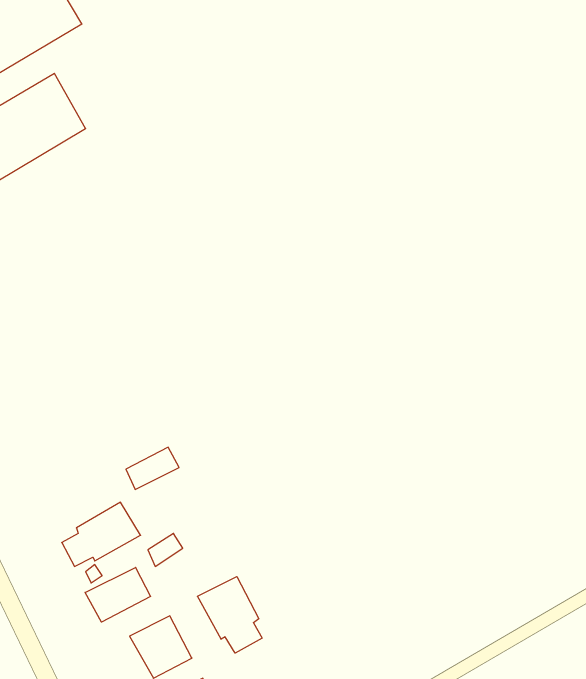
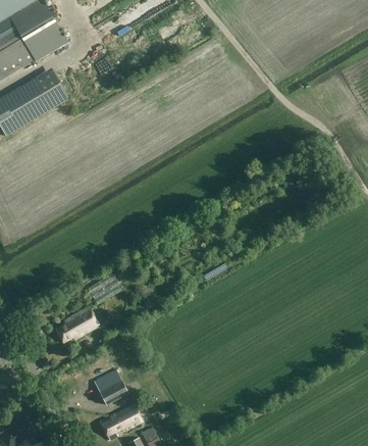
building: [85,567,151,622] -> none
building: [197,577,262,653] -> none

